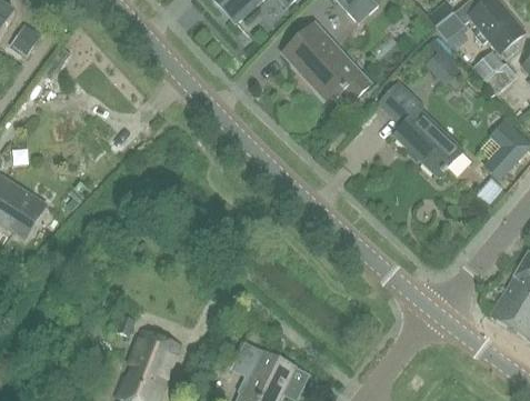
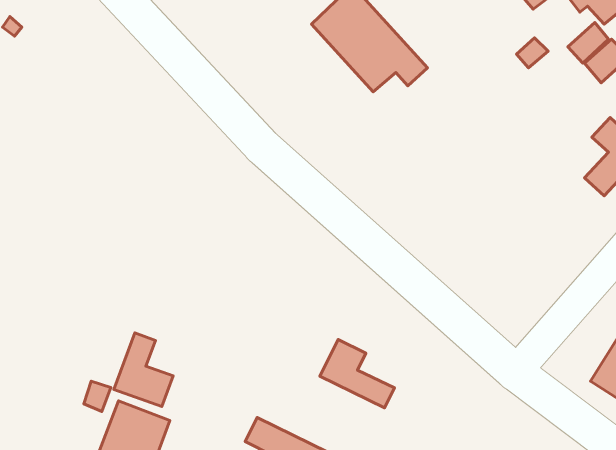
building: [378,81,462,176] -> none
building: none -> [114,333,173,407]
building: none -> [320,340,394,408]

